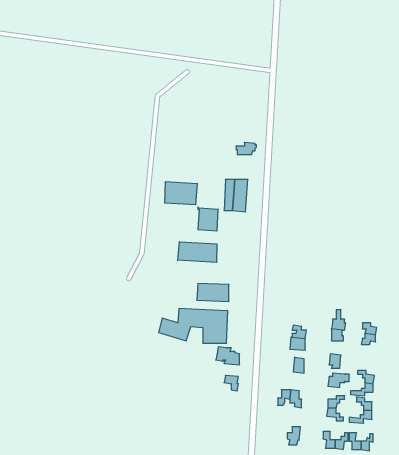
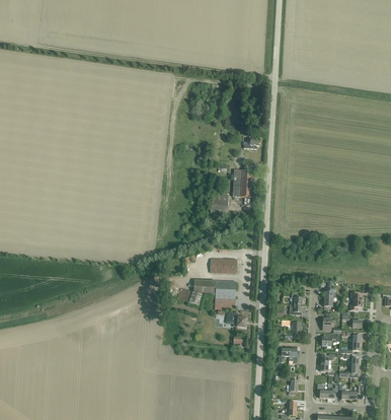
building: [165,182,197,205] -> none
building: [178,242,217,262] -> none

